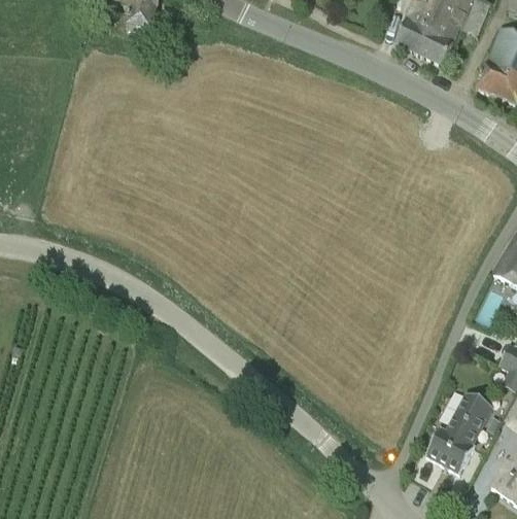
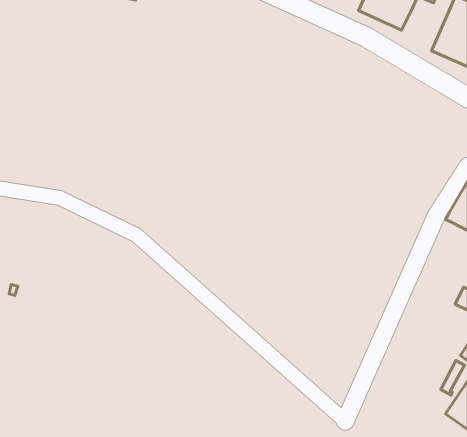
building: [426,391,493,471] -> none

